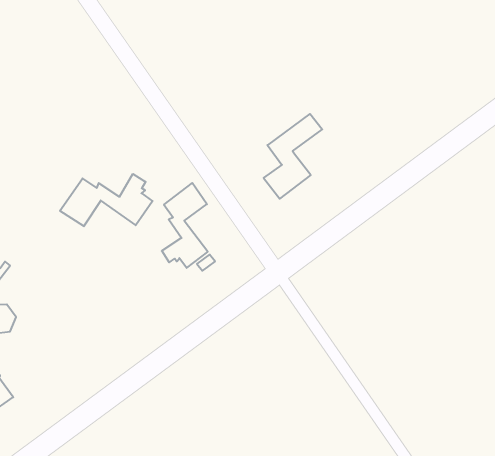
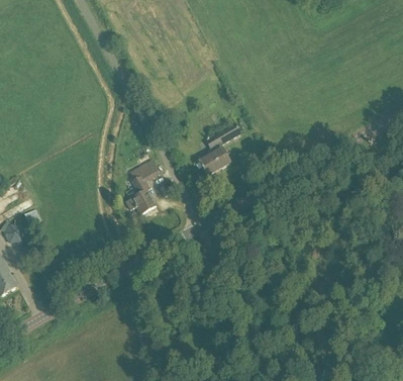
building: [60,174,153,226] -> none

